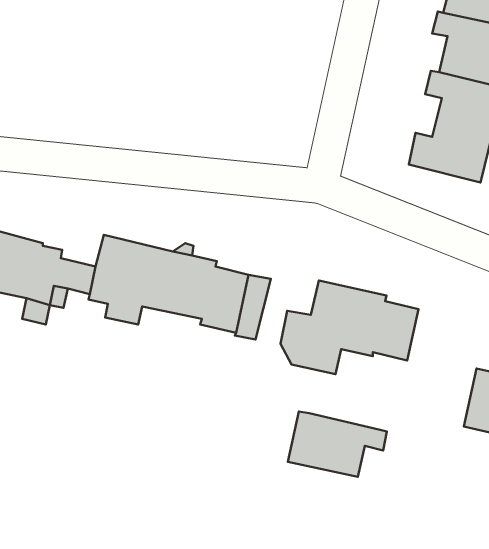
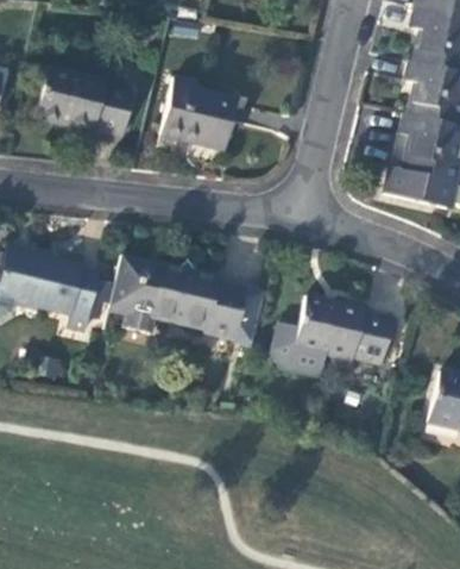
building: none -> [38,68,136,137]
building: none -> [162,80,237,150]
building: [288,412,387,477] -> none

